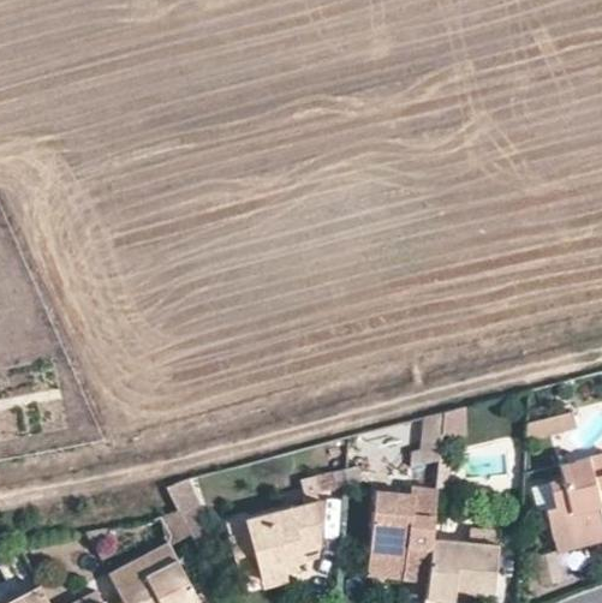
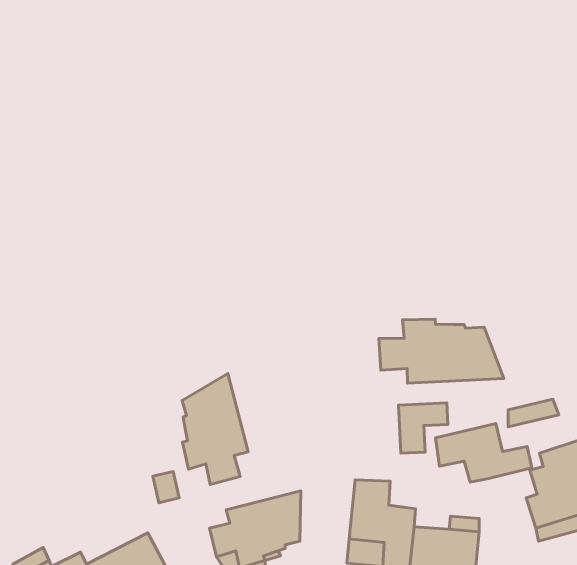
building: none -> [379,319,504,383]
building: none -> [182,374,248,485]
building: none -> [435,424,532,482]

